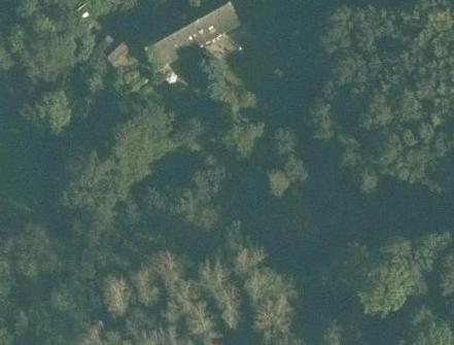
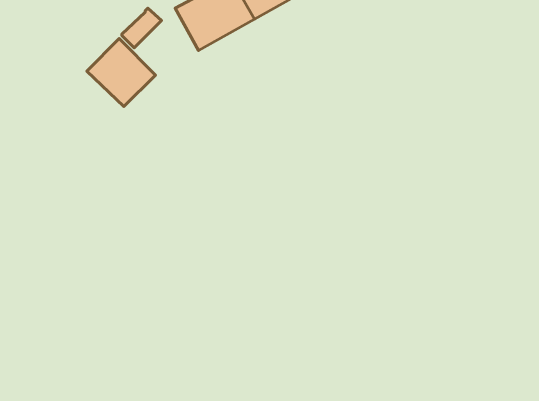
building: none -> [87,39,155,107]

